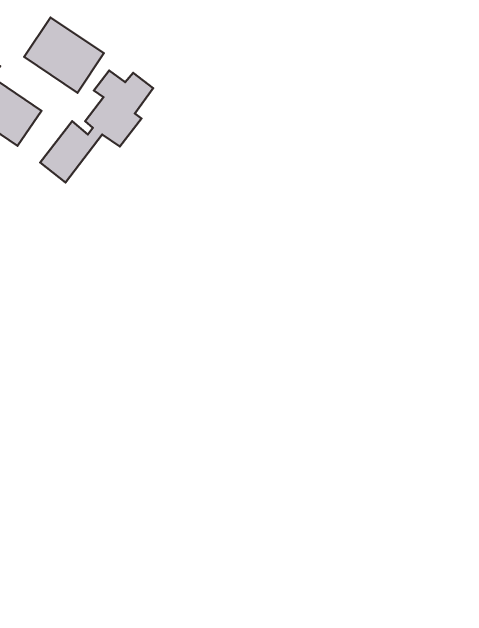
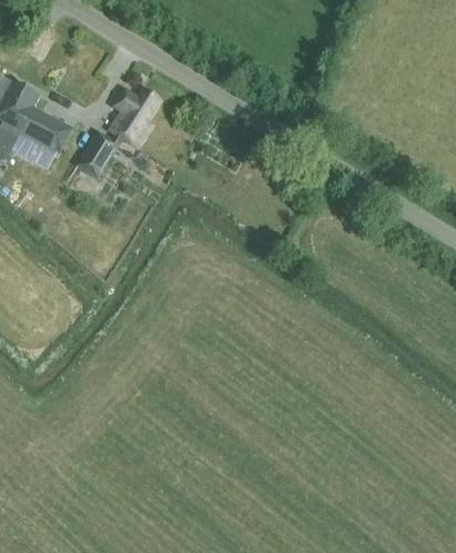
building: [24,17,104,93] -> none

